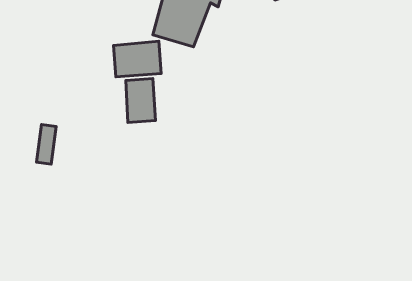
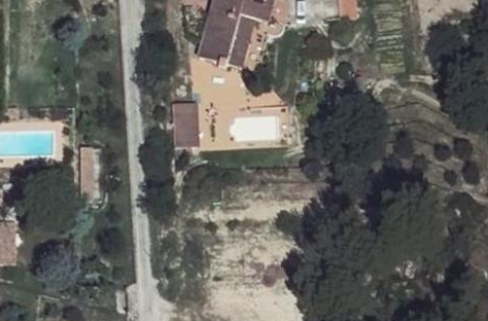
building: [114,41,161,77] -> none

